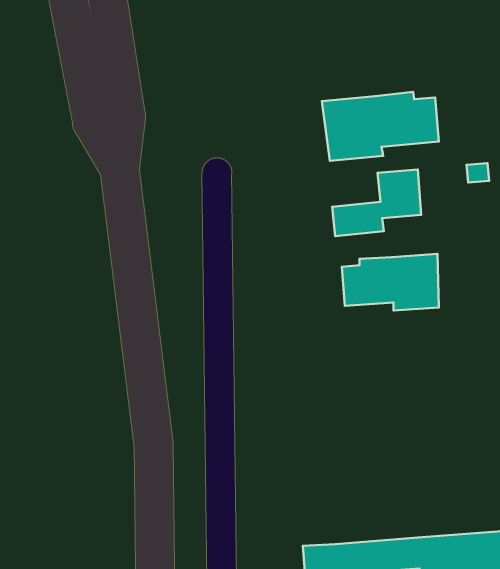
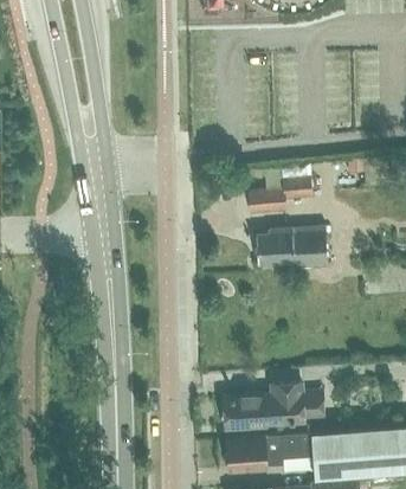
building: [322,92,439,161] -> none
building: none -> [223,382,324,429]

